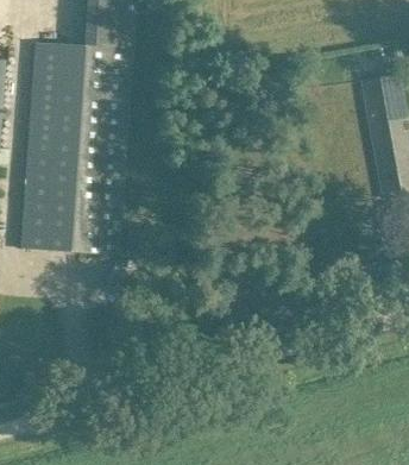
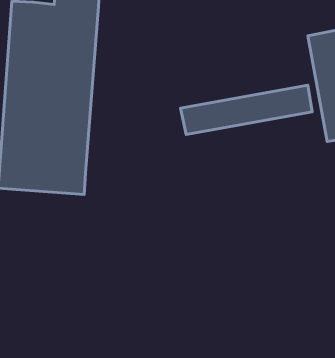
building: none -> [180,85,312,135]

